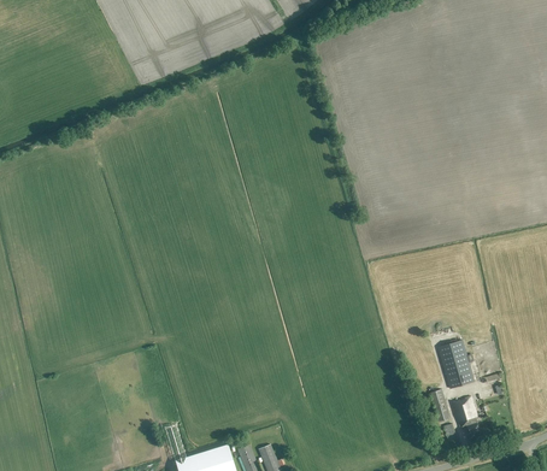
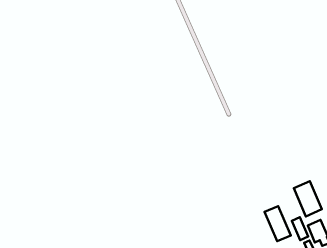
building: none -> [265,206,291,241]

